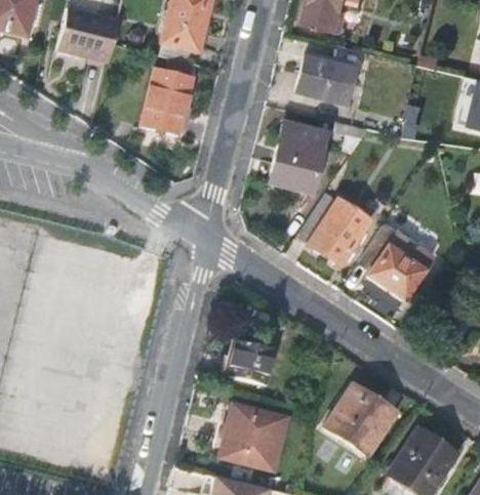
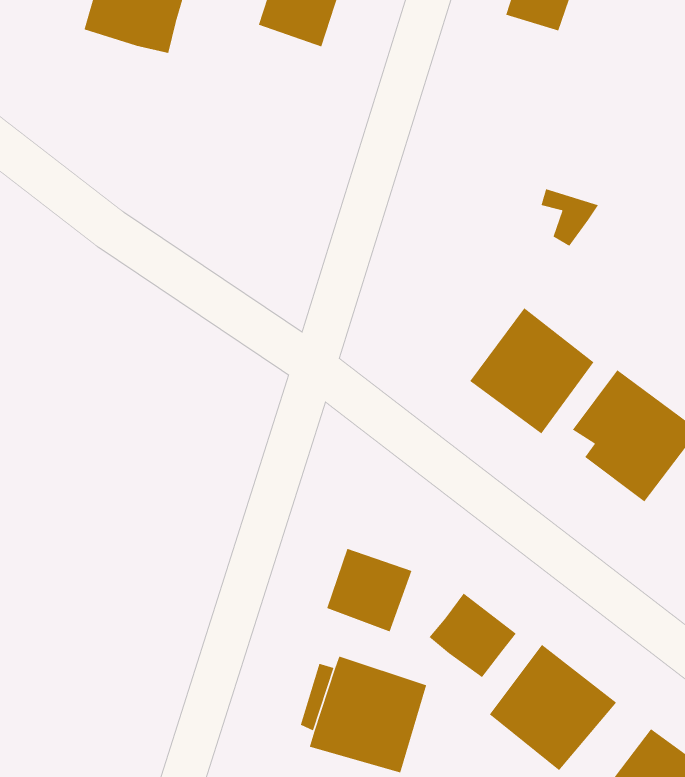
building: [296,52,356,102] -> none
building: [139,68,192,137] -> none
building: [271,122,327,192] -> none
building: none -> [429,593,517,678]

